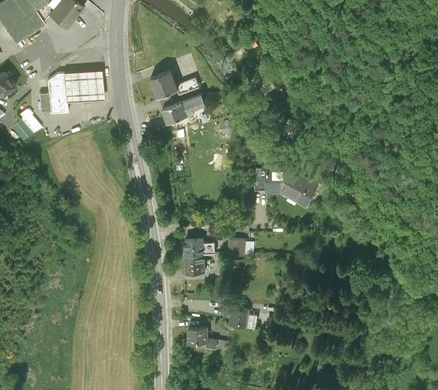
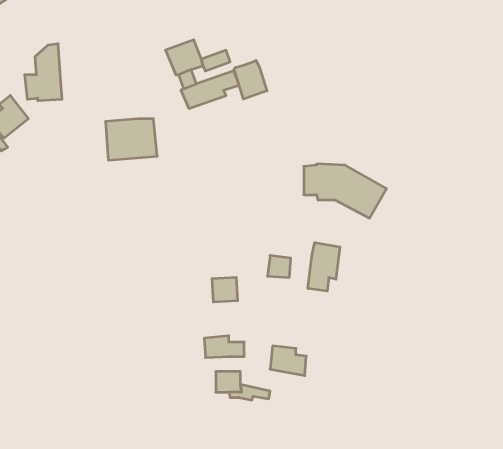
building: [65,71,105,103] -> [106,119,157,160]
building: none -> [234,60,267,99]
building: none -> [308,243,340,291]
building: [183,238,214,255] -> [204,336,244,358]

